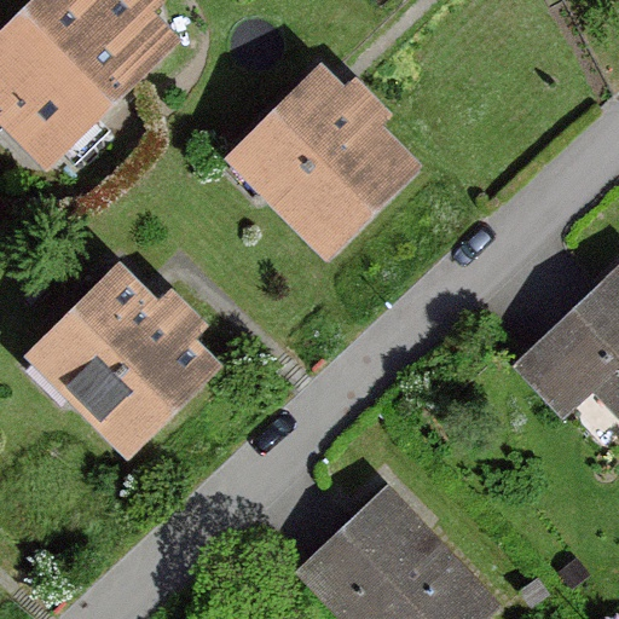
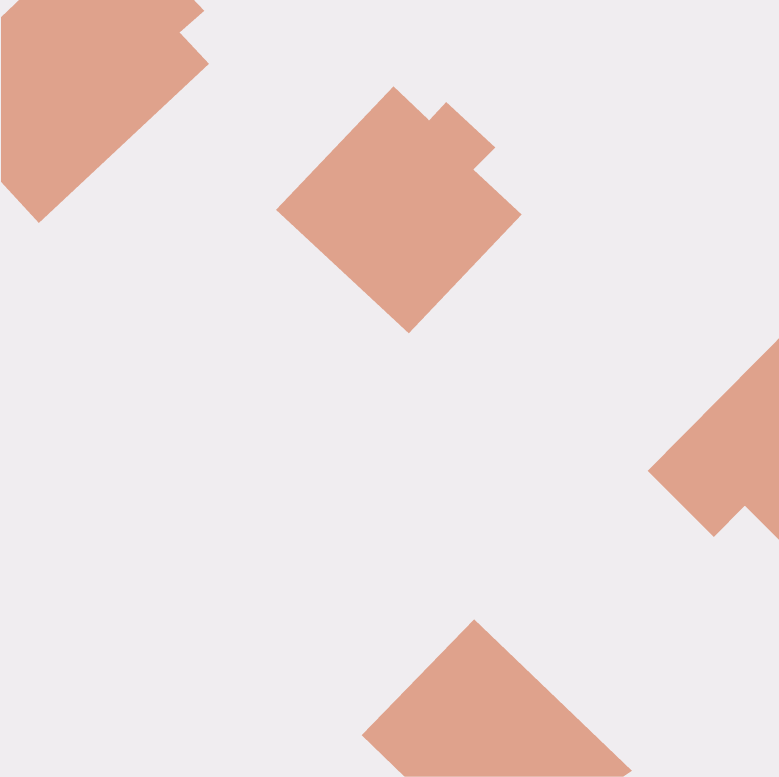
building: [23,264,215,458] -> none

